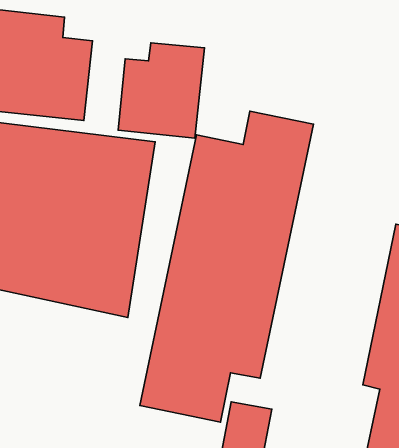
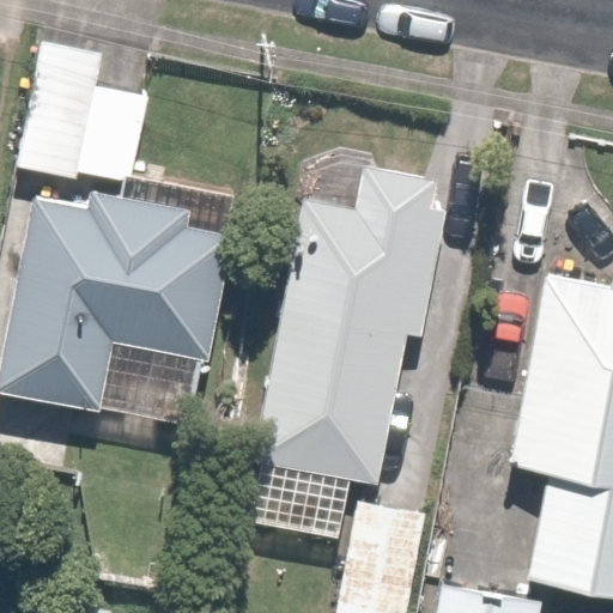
building: [118,43,204,138] -> none

